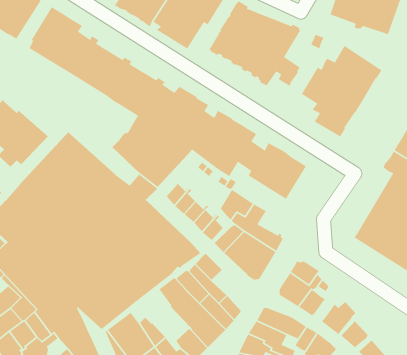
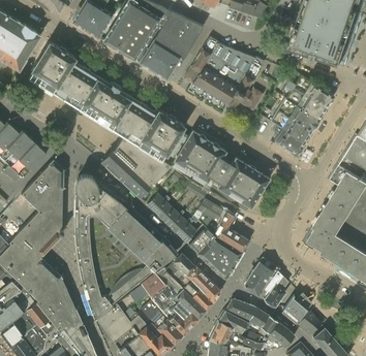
building: none -> [187,267,220,303]
building: none -> [141,300,169,329]

